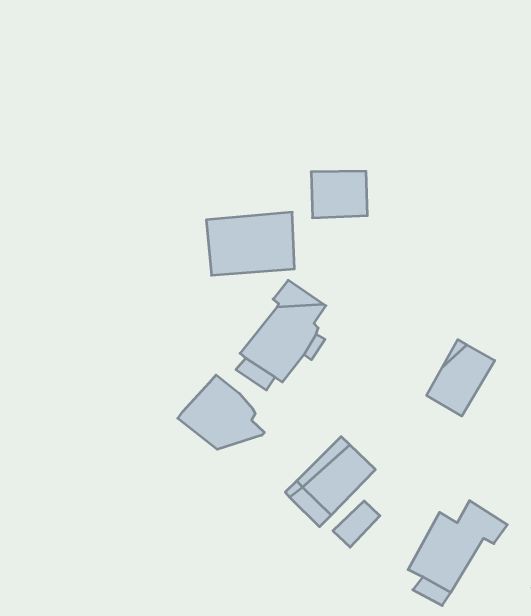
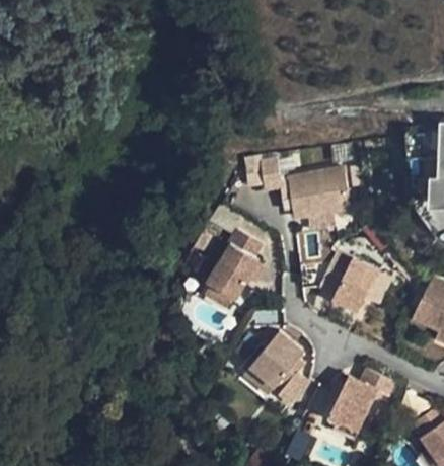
building: [206,212,294,275] -> [287,172,348,218]
building: [178,375,264,449] -> none

